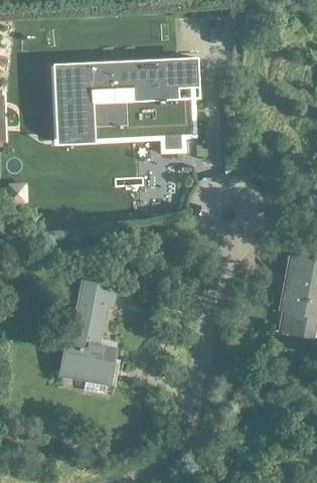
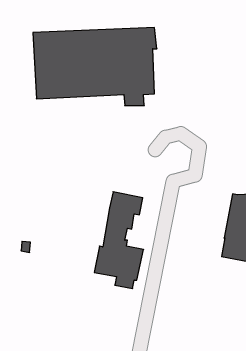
building: [59,279,118,393] -> [94,192,144,289]

